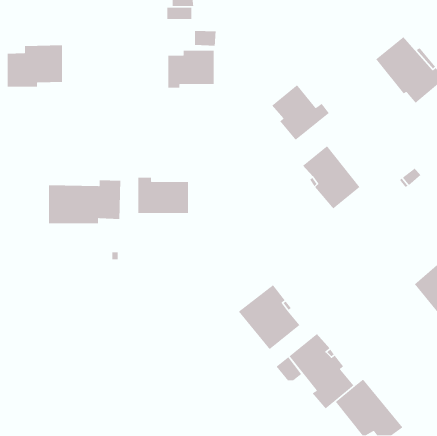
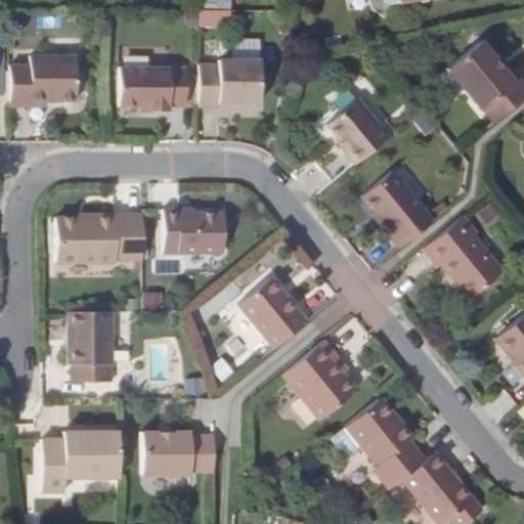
building: none -> [121,67,189,111]
building: none -> [425,216,506,301]
building: none -> [239,275,310,348]
building: none -> [72,309,118,380]
building: none -> [44,427,121,488]
building: none -> [142,431,215,474]

